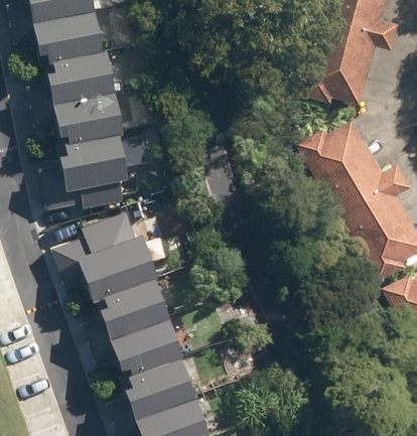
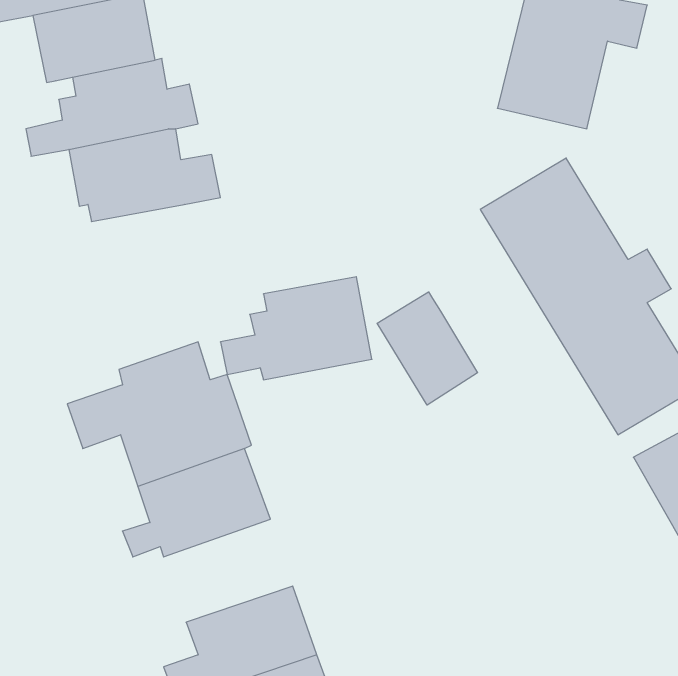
building: [43,141,132,201] -> [220,277,372,380]
building: none -> [377,292,478,405]
building: [111,325,186,386] -> none

